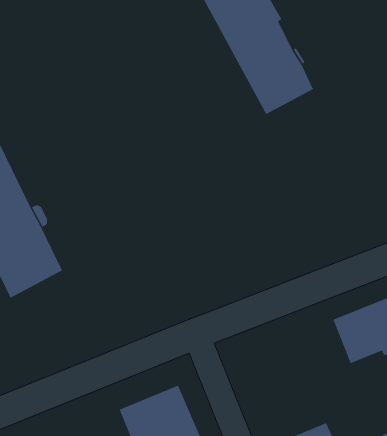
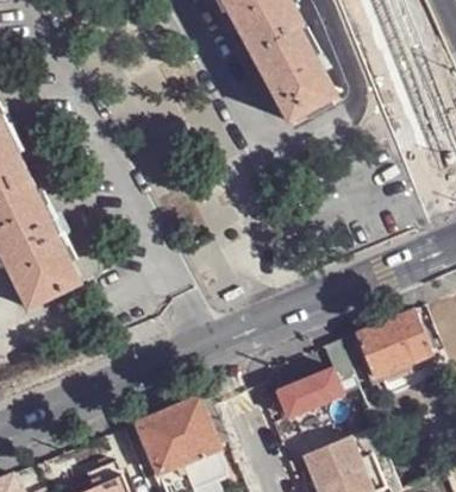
building: none -> [270,339,354,417]

